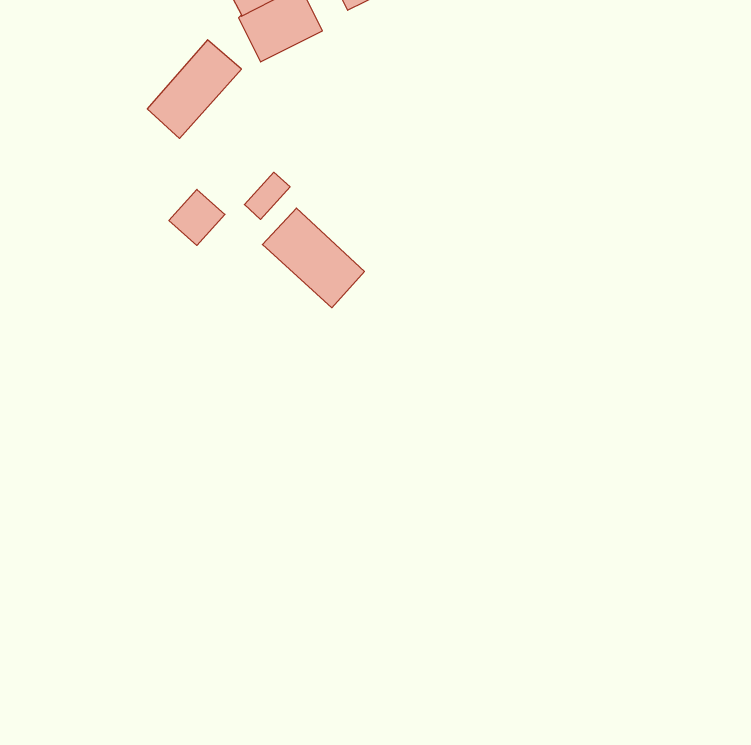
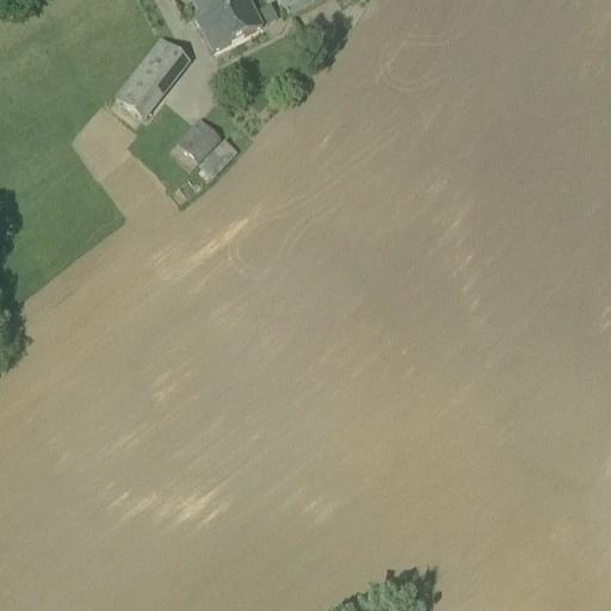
building: [169,189,225,245] -> [175,118,221,163]
building: [262,208,364,308] -> none

